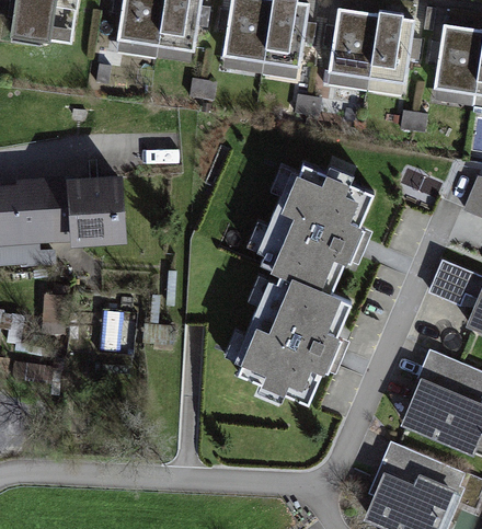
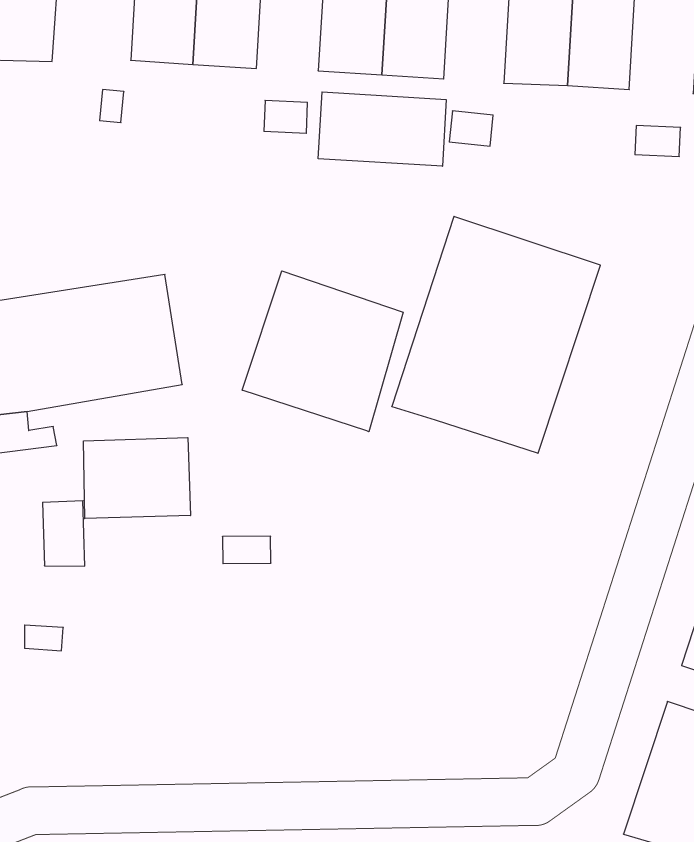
building: none -> [318,92,446,166]
building: none -> [242,271,403,432]
building: none -> [84,438,190,519]
building: [228,269,355,410] -> none

